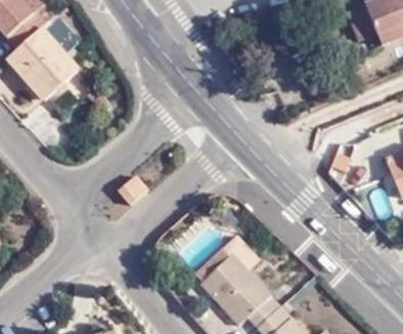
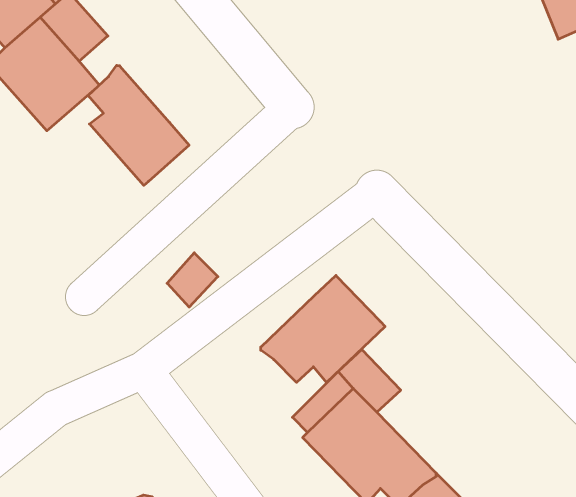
building: none -> [88,65,189,185]
building: none -> [261,275,385,382]

